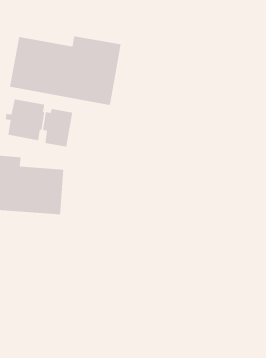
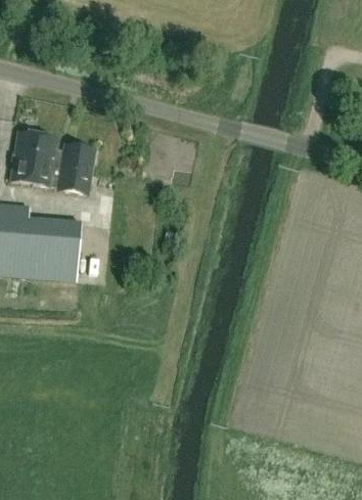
building: [9,36,122,106] -> none

